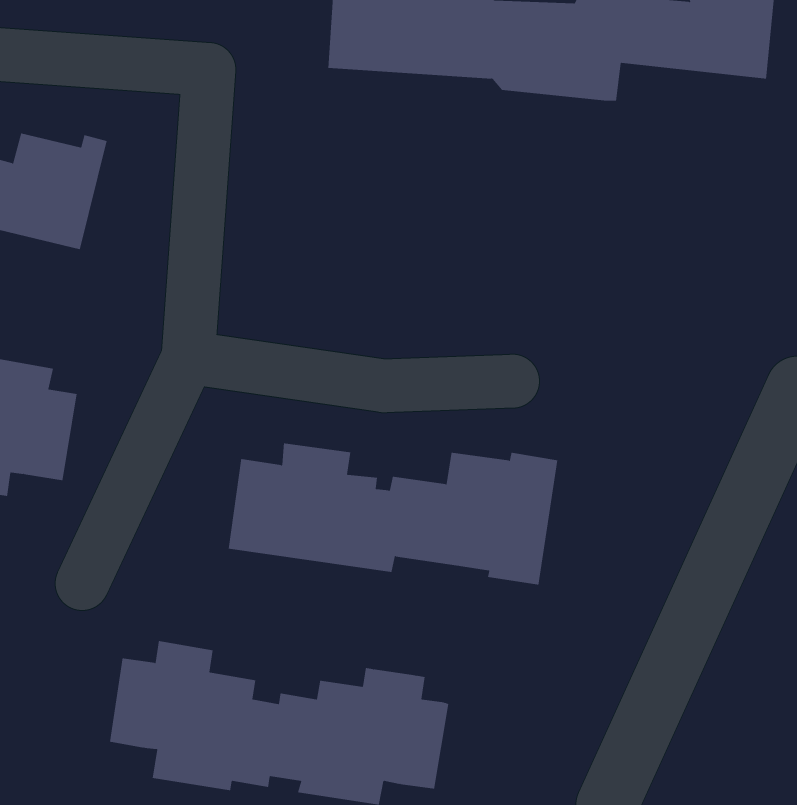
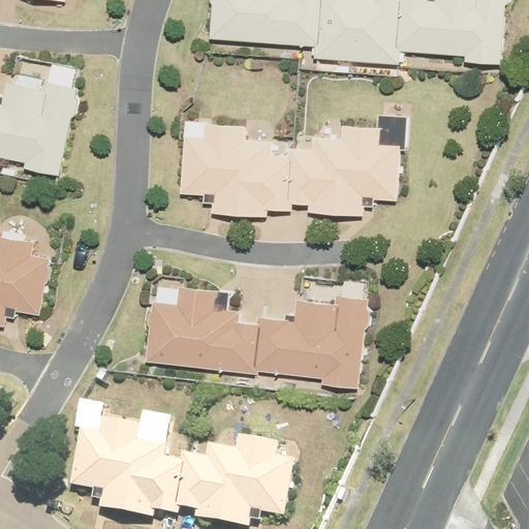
building: none -> [181,124,399,216]

